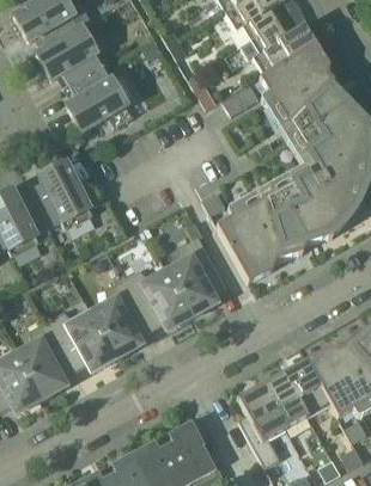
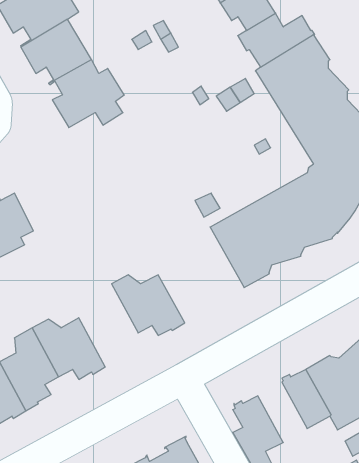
building: [31,160,93,227] -> none
building: [168,236,226,314] -> none
building: [92,277,148,356] -> none
building: [262,370,309,427] -> none

